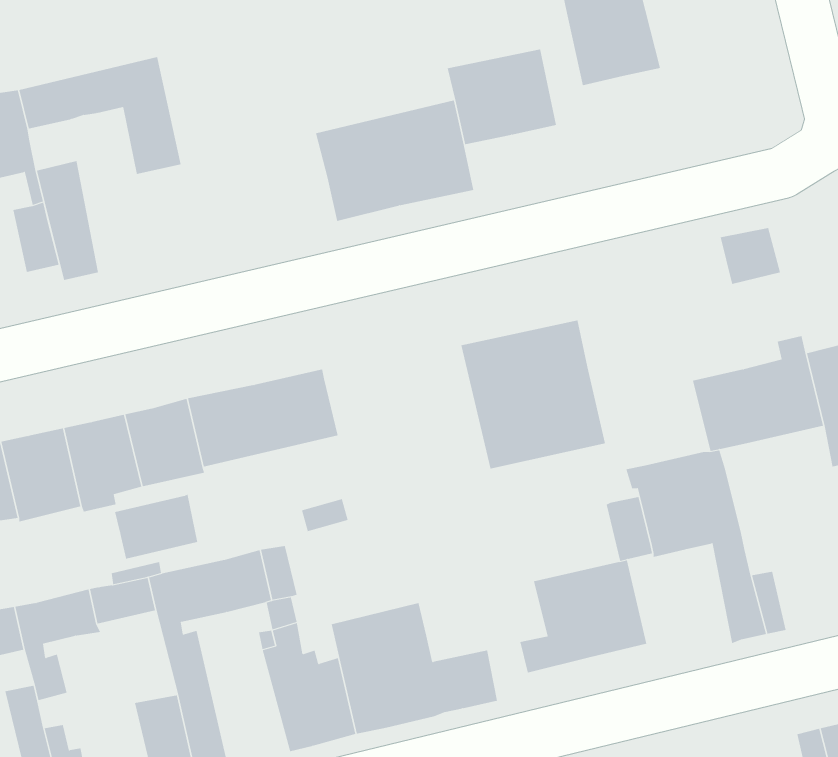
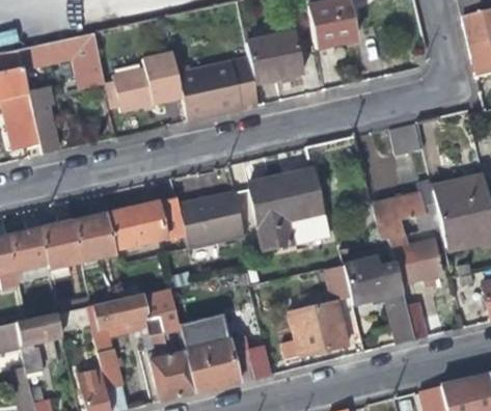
building: none -> [112,52,181,111]
building: none -> [180,191,247,250]
building: none -> [388,238,441,287]
building: [114,494,198,559] -> none

